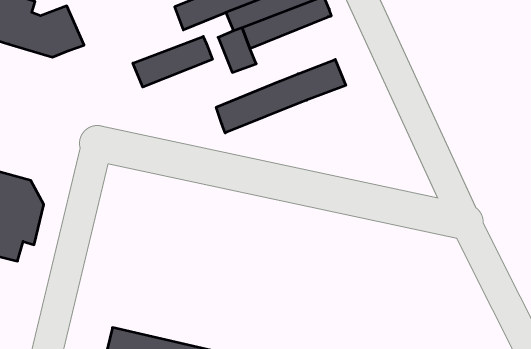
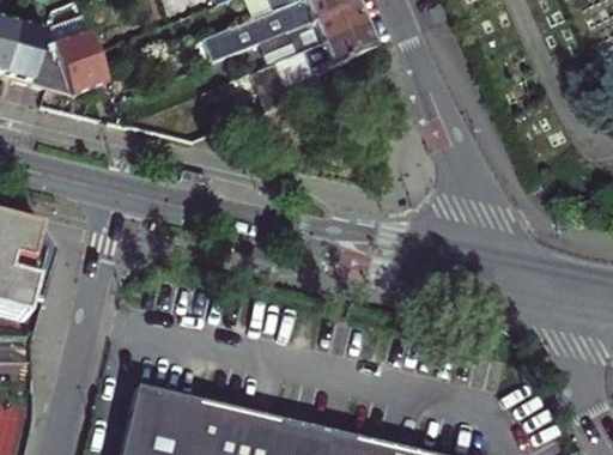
building: [133,36,212,87] -> none
building: [216,59,346,133] -> none

